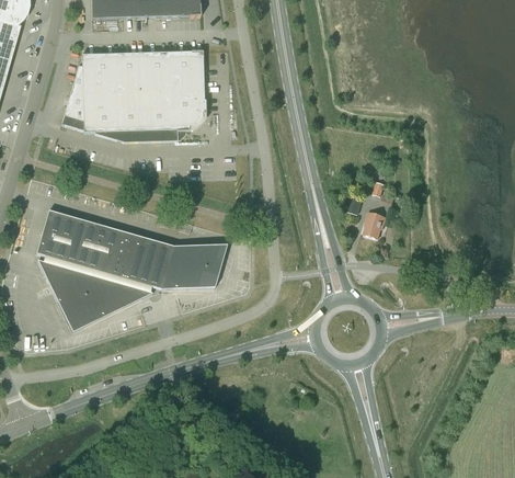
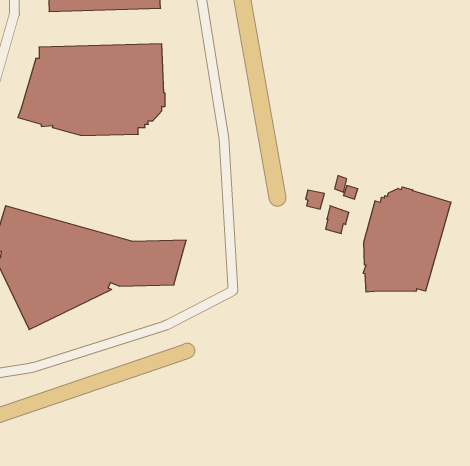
building: none -> [363,187,451,292]

